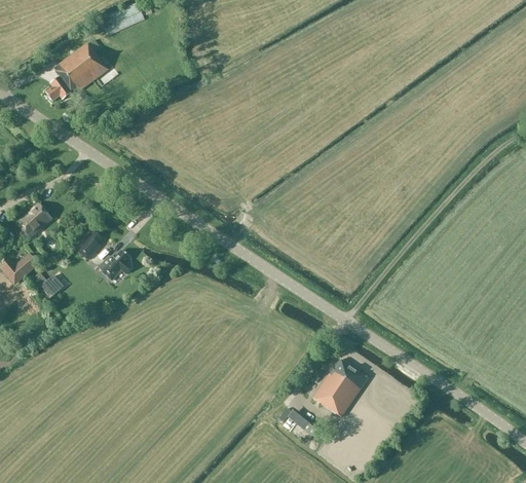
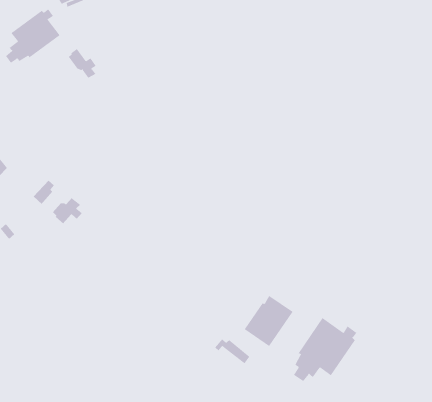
building: none -> [68,48,97,79]
building: none -> [293,317,357,382]

